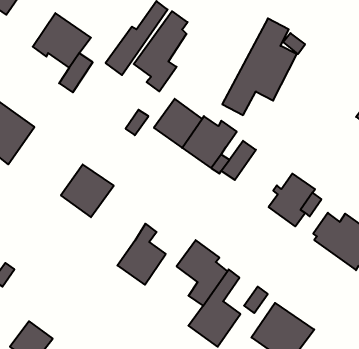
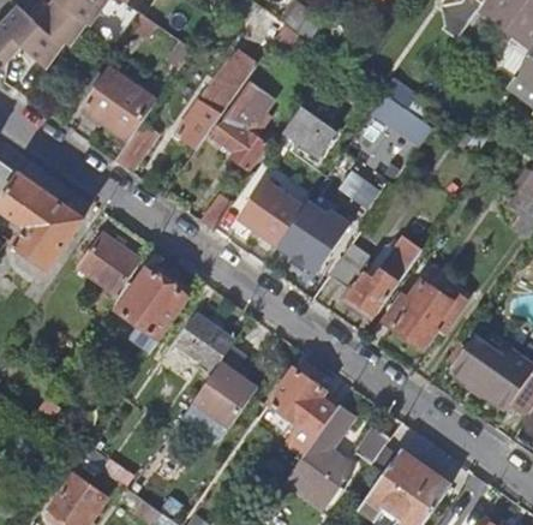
building: none -> [283,107,335,155]
building: none -> [348,226,429,315]
building: none -> [78,234,138,293]
building: none -> [178,314,234,369]

